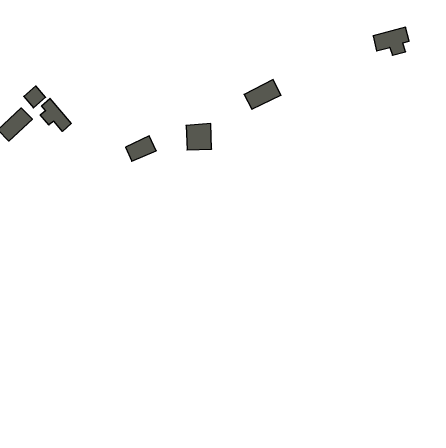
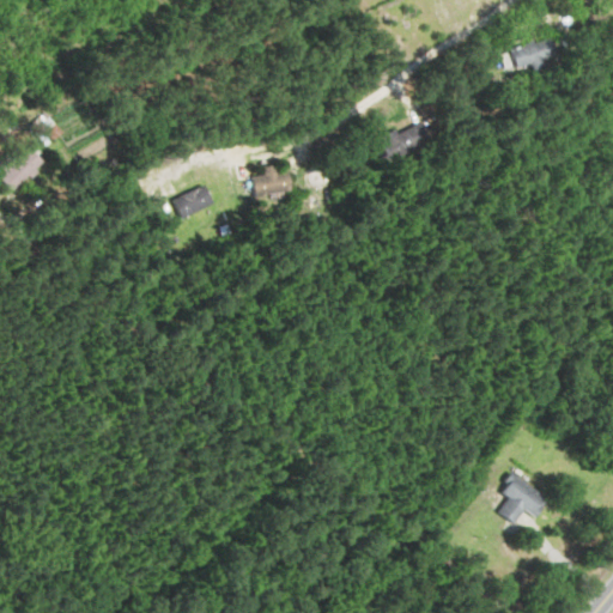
building: [244,80,281,109] -> [380,121,430,162]
building: [40,98,71,131] -> none
building: none -> [497,473,547,524]

